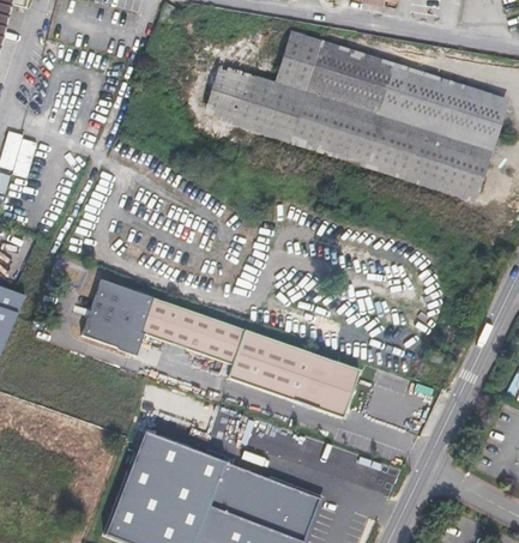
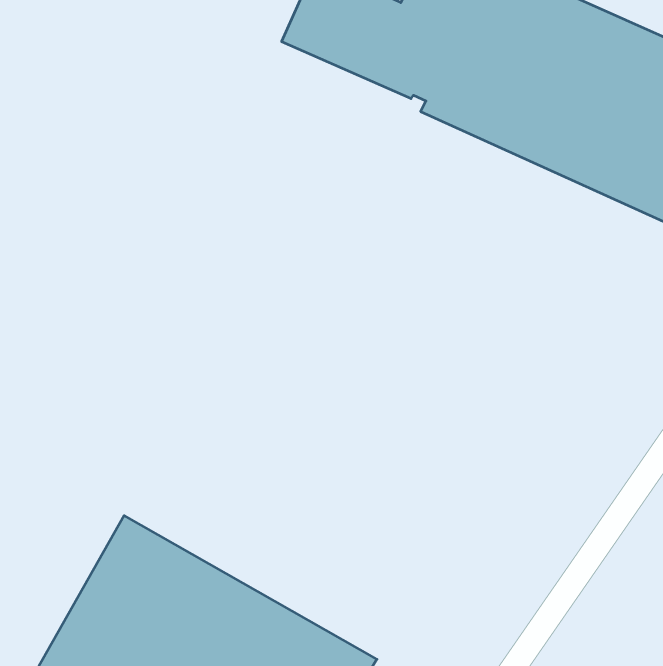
building: [67,274,358,418] -> none

